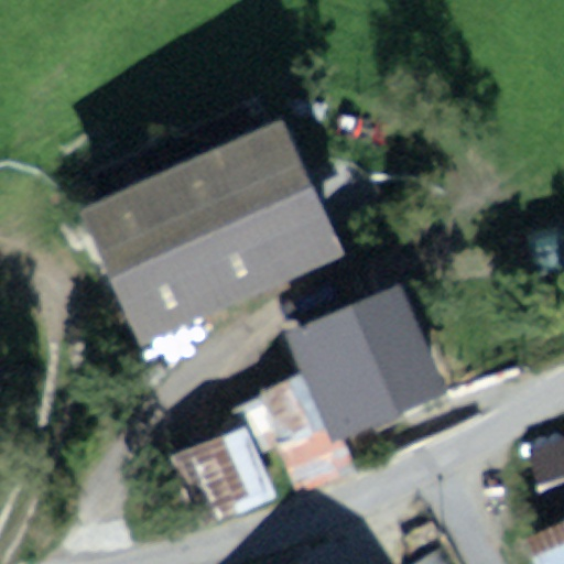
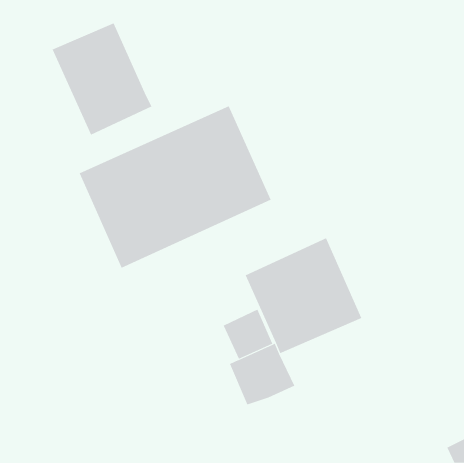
building: none -> [52,23,152,135]
building: [184,427,271,512] -> none

